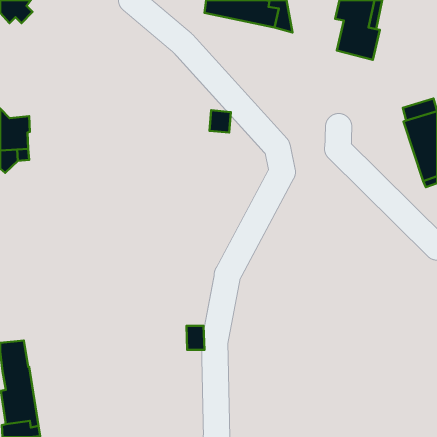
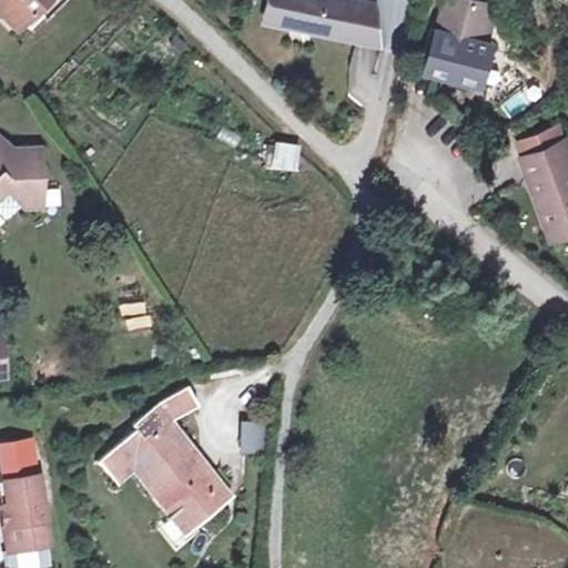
building: none -> [101,386,226,524]

